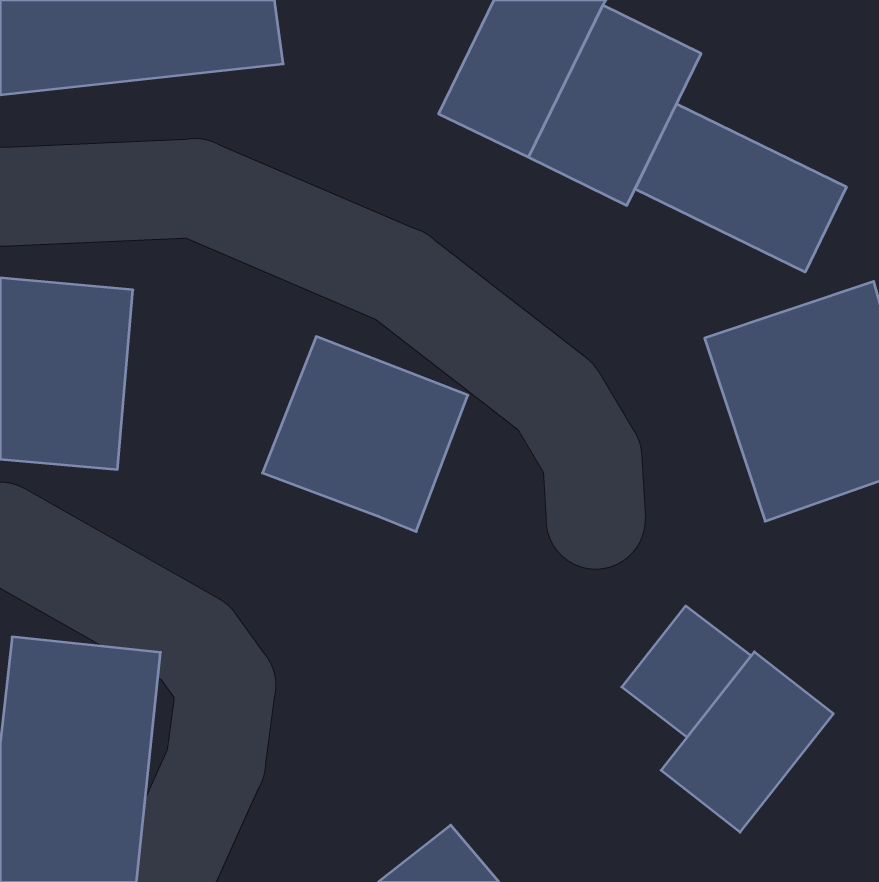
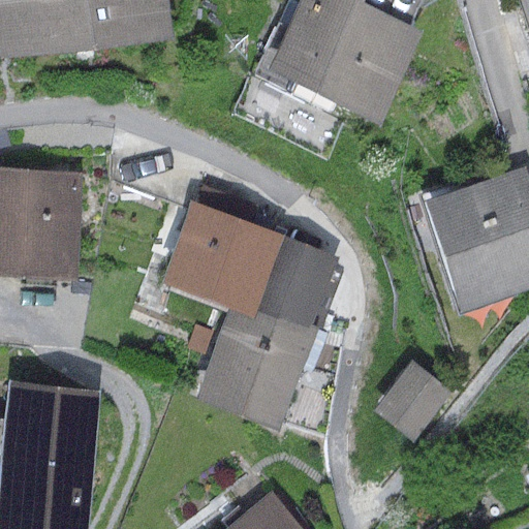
building: [635,104,846,272] -> none
building: none -> [194,237,338,430]
building: [661,652,833,832] -> none

